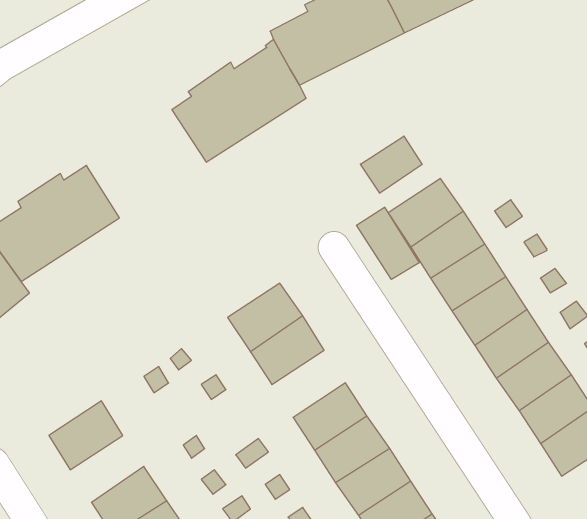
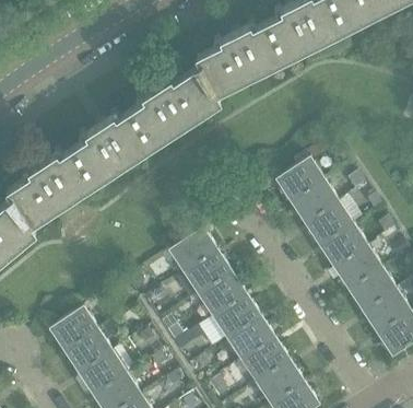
building: none -> [75,113,155,185]
building: [360,136,422,193] -> none
building: [357,207,419,279] -> none
building: none -> [199,273,248,318]
building: none -> [64,330,114,375]

